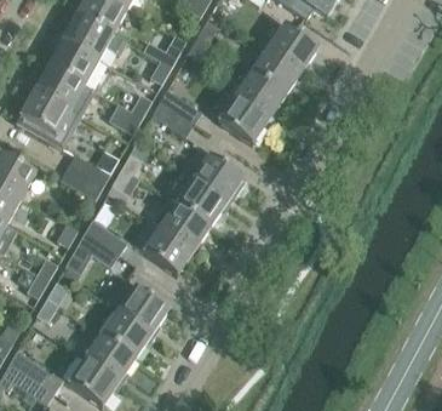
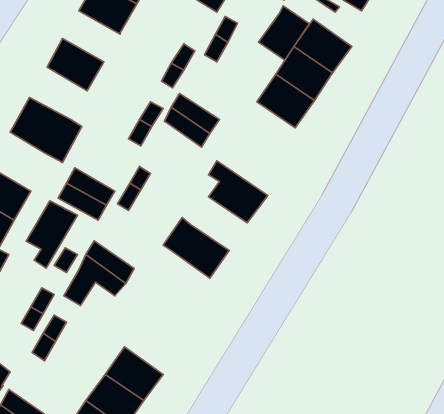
building: none -> [259,6,310,60]
building: [63,15,127,59] -> none
building: [34,64,94,116] -> none
building: [217,95,268,142] -> none
building: [176,178,225,226] -> none
building: none -> [26,201,77,268]
building: [142,226,193,274] -> none
building: [103,275,168,335] -> none

